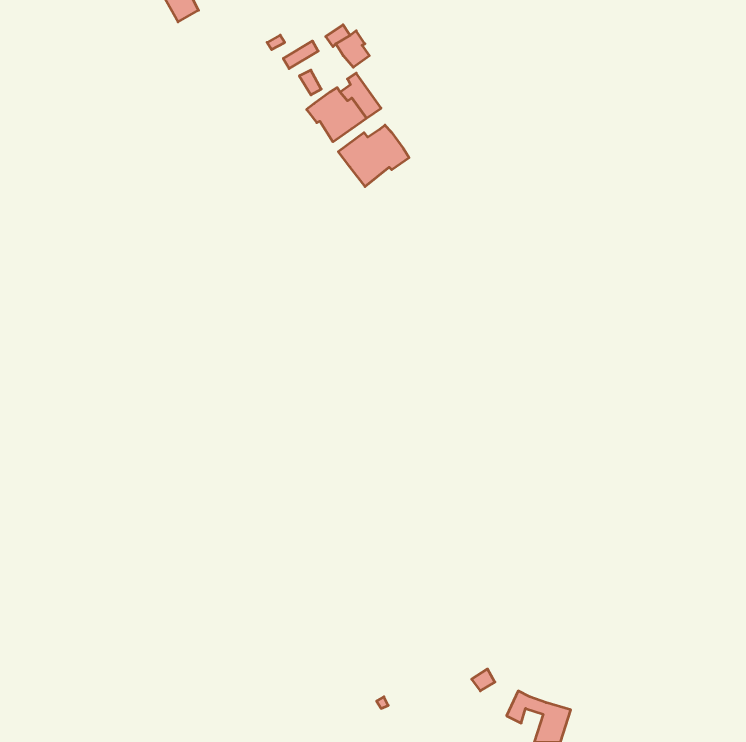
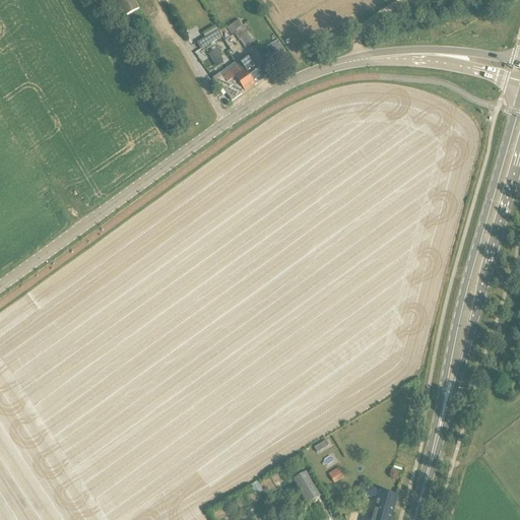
building: [338,125,409,187] -> none
building: none -> [294,469,320,502]

